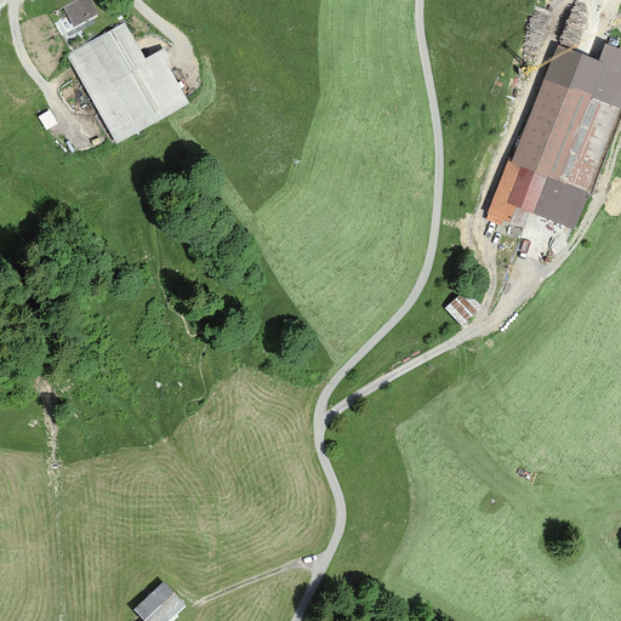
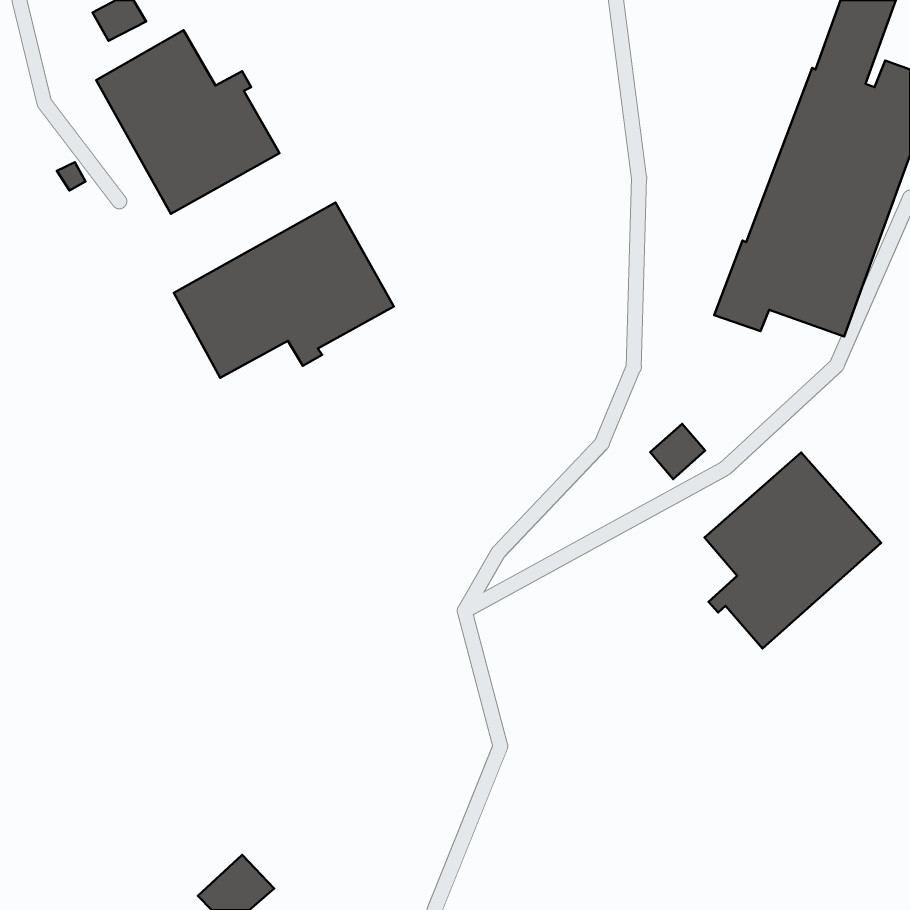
building: none -> [174,203,394,378]
building: none -> [705,453,881,648]

